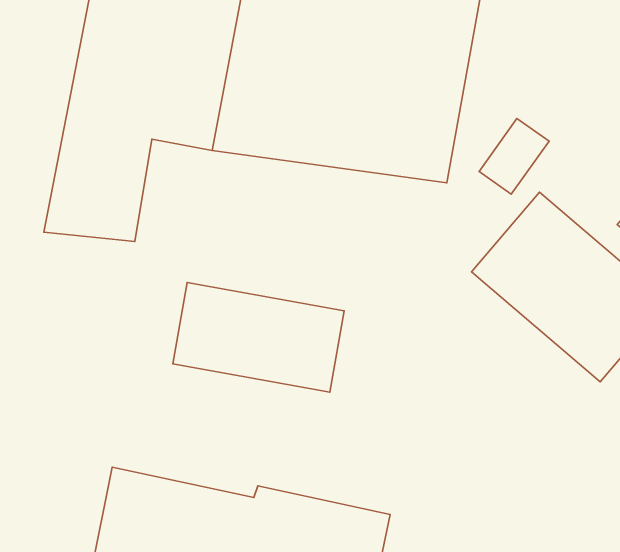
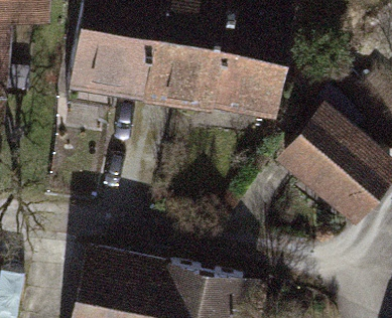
building: [173,283,344,392] -> none

